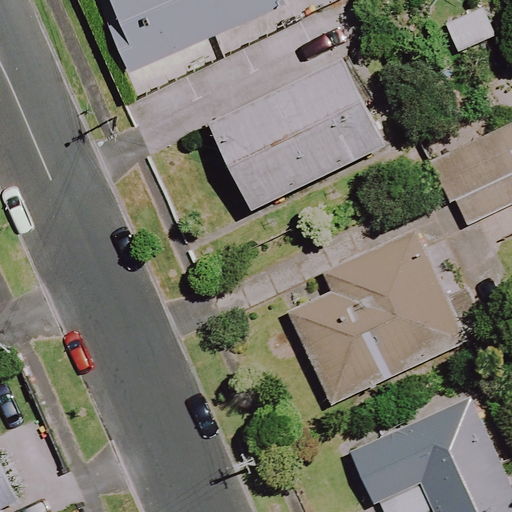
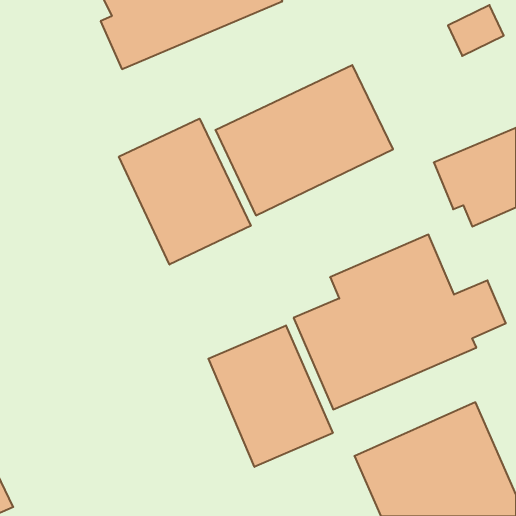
building: none -> [119,119,251,265]
building: none -> [208,325,333,467]

